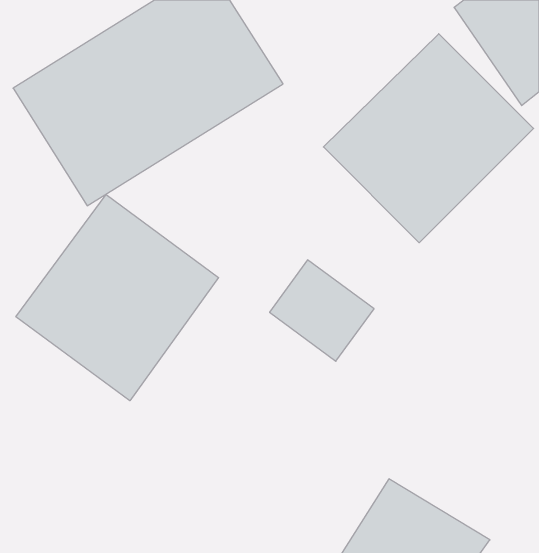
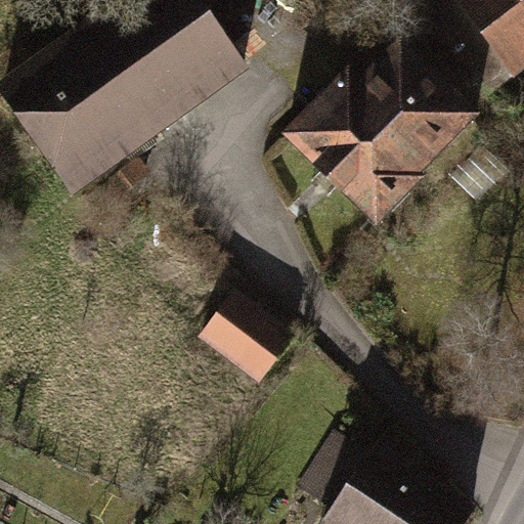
building: [16,195,219,401] -> none
building: [270,260,374,361] -> [187,290,286,385]

